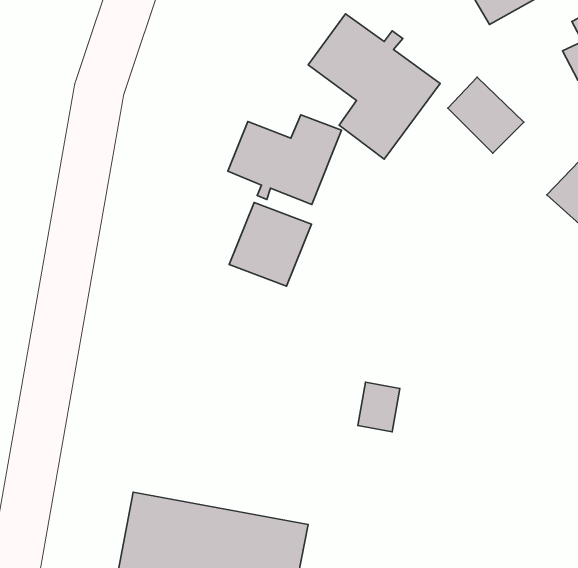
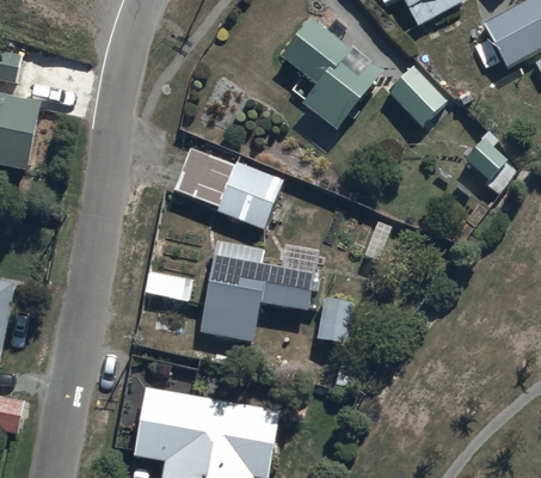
building: [228,115,341,205] -> none
building: none -> [201,255,313,338]

